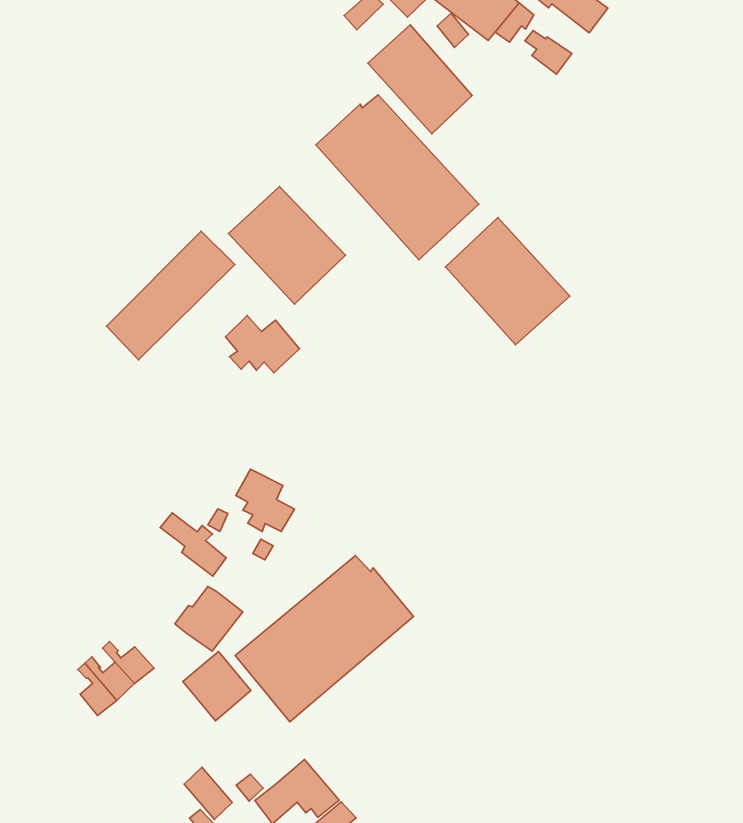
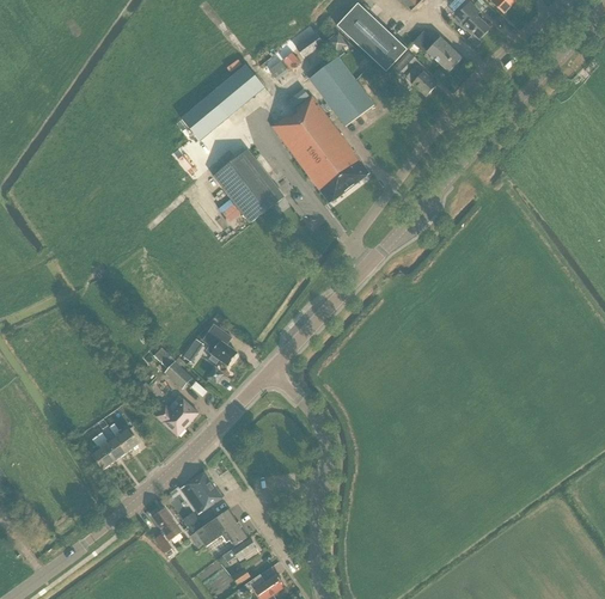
building: [445,218,570,345] -> none
building: [107,231,235,360] -> [181,63,264,140]
building: [226,316,300,373] -> none
building: [235,556,413,722] -> none
building: [183,651,251,721] -> [179,471,221,514]

